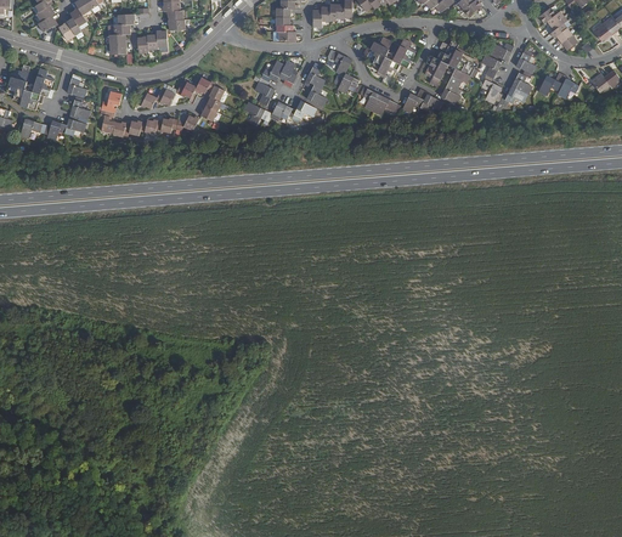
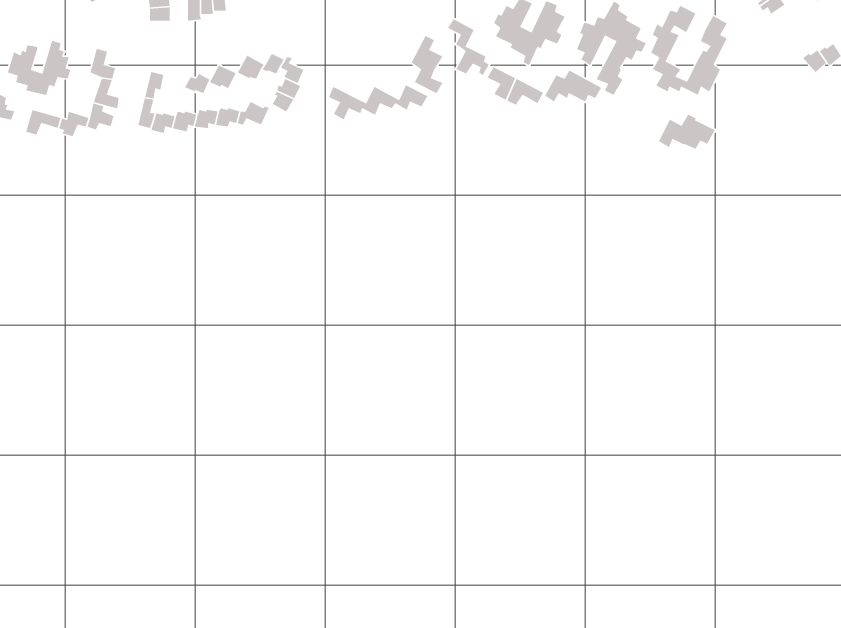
building: [253,60,295,106] -> none
building: [536,74,578,101] -> [658,113,716,150]

